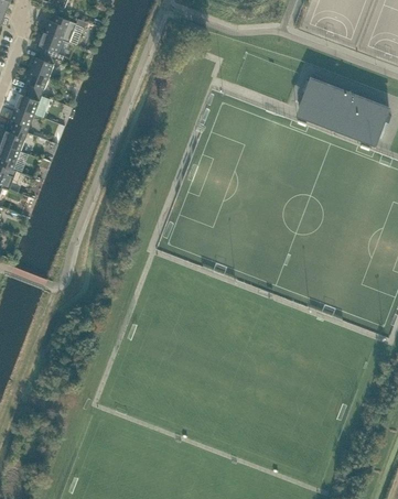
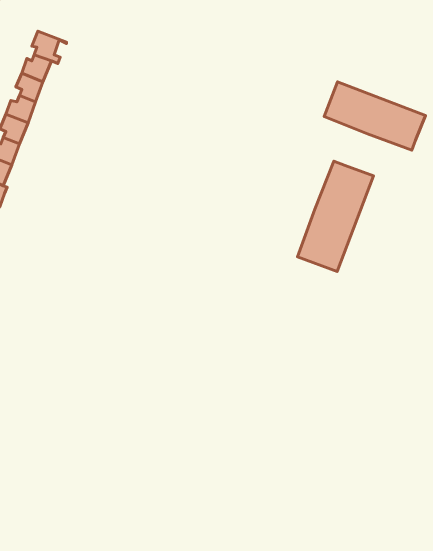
building: [43,19,76,45] -> none
building: none -> [298,161,374,272]

